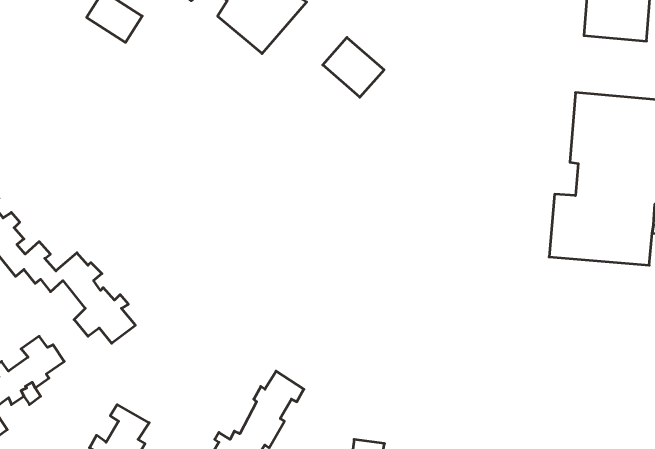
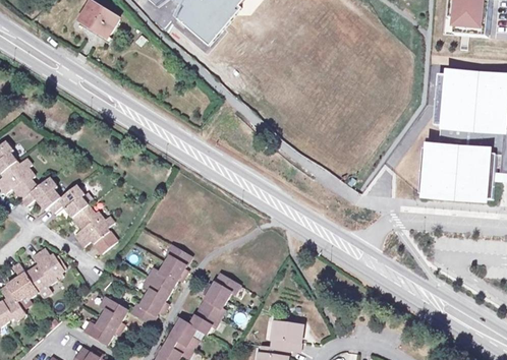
building: [323,37,384,97] -> none
building: none -> [129,247,189,326]

